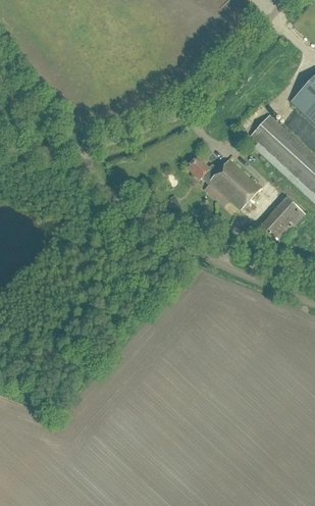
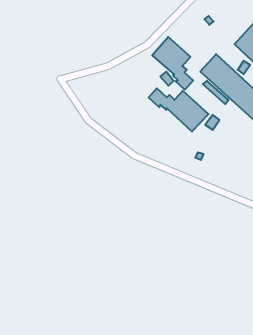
building: none -> [152,37,193,90]
building: [258,195,304,242] -> none

